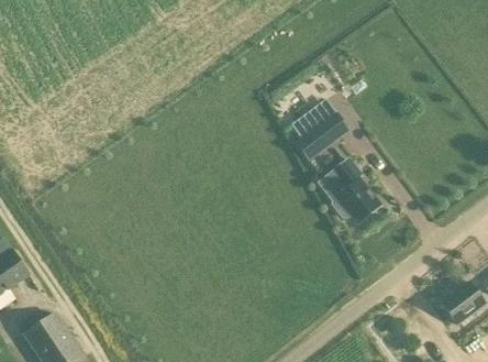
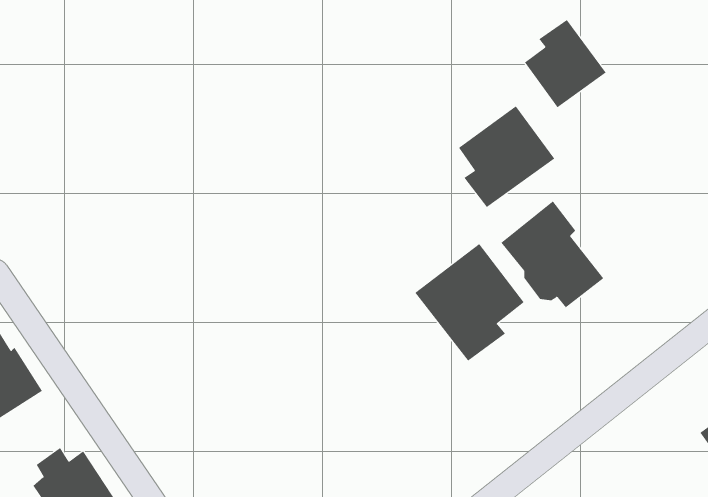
building: none -> [524,19,607,108]
building: none -> [414,243,524,362]

